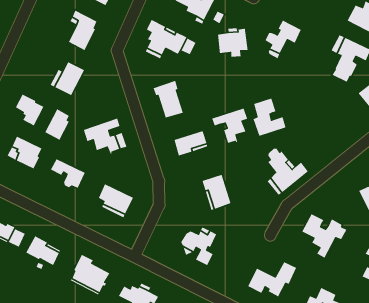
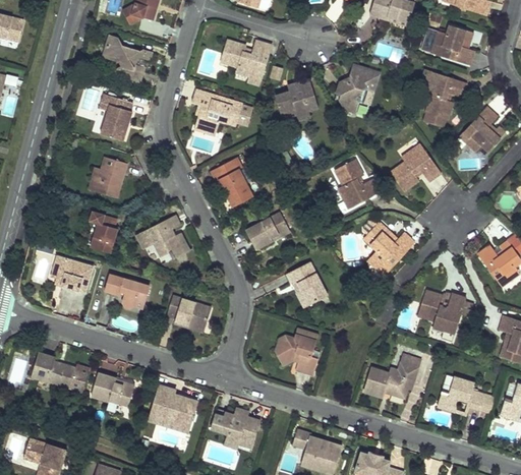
building: [15,94,44,127] -> none
building: none -> [391,143,442,191]
building: [211,107,248,144] -> none

